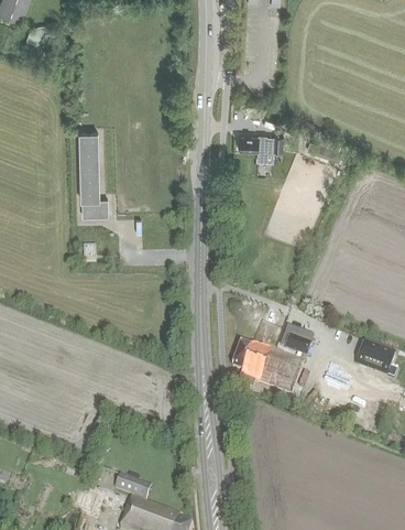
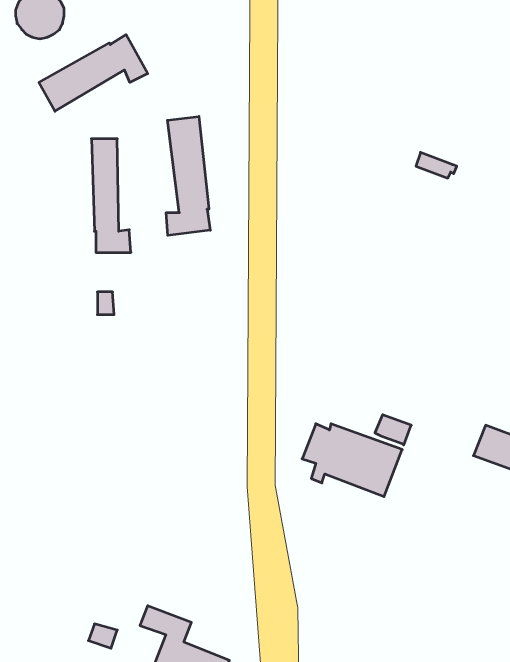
building: none -> [39,35,148,111]
building: none -> [166,116,210,235]
building: [238,132,282,159] -> none

